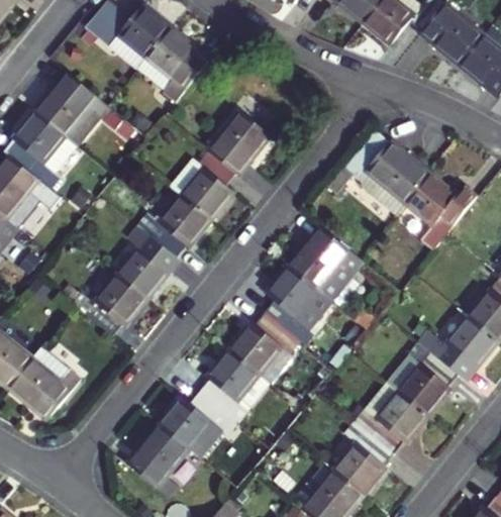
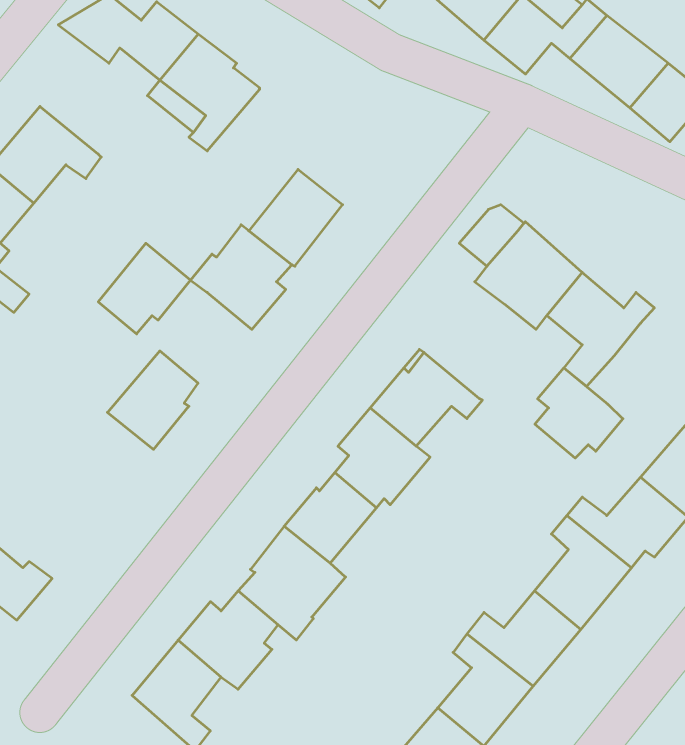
building: [149,193,210,252] -> [98,243,190,334]
building: none -> [535,368,623,458]
building: [85,272,145,329] -> none

